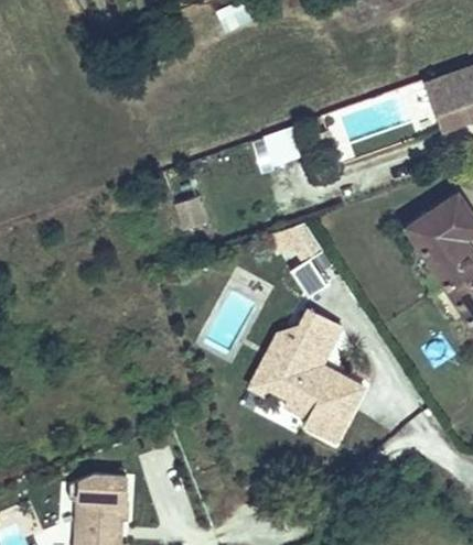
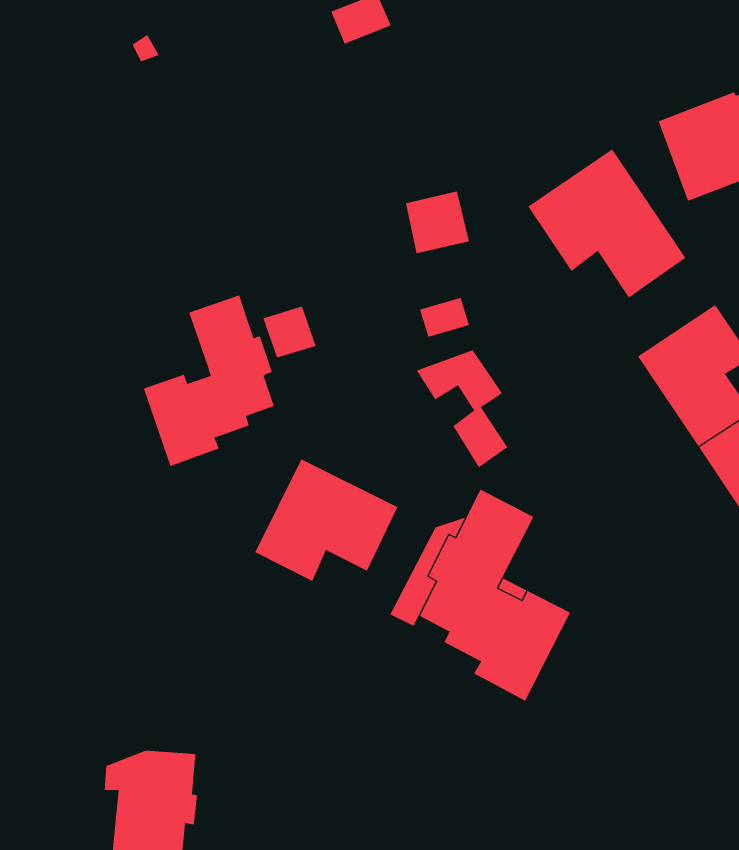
building: none -> [527,149,686,299]
building: none -> [143,295,274,467]
building: none -> [254,458,398,582]

